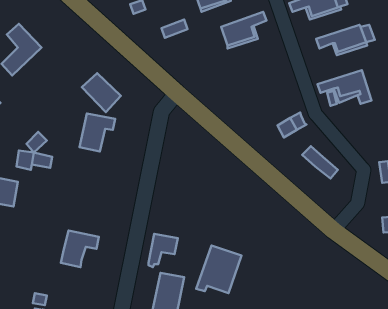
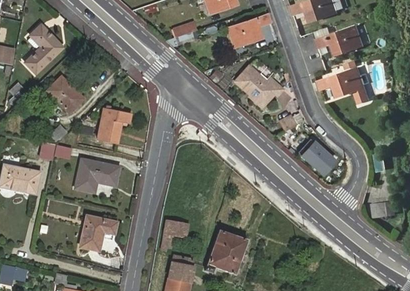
building: none -> [235,63,283,104]
building: [82,73,121,112] -> [47,77,83,113]
building: none -> [75,159,118,192]

